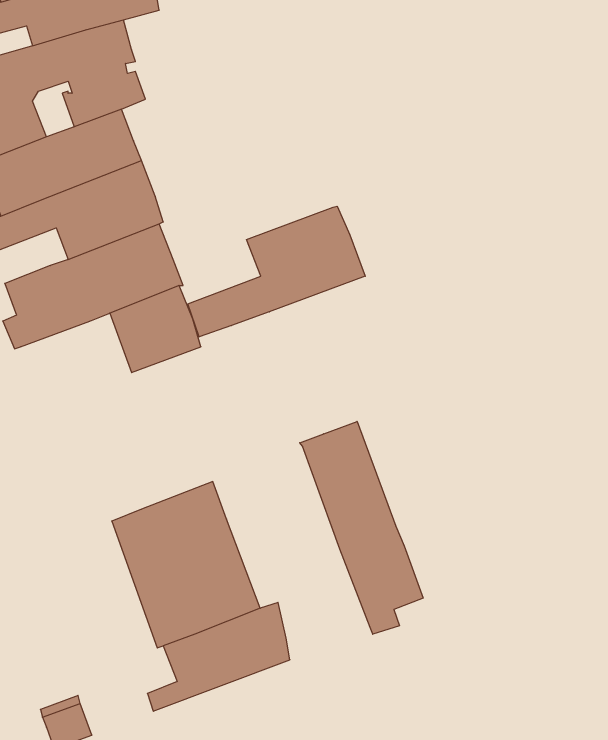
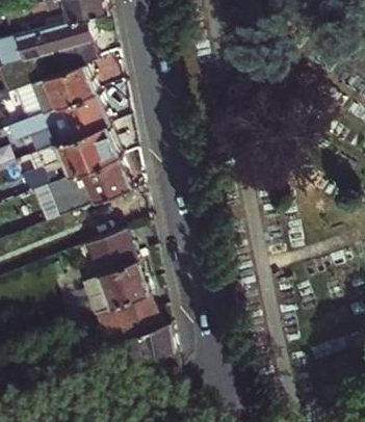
building: [188,206,365,337] -> none
building: none -> [34,170,93,219]
building: [300,421,423,634] -> none
building: none -> [86,228,135,273]

